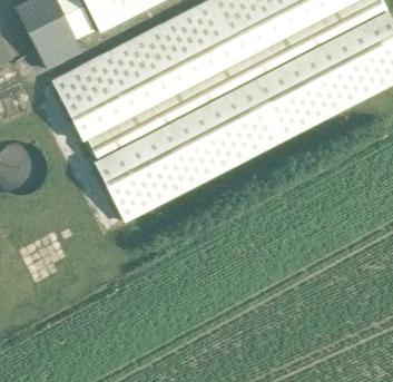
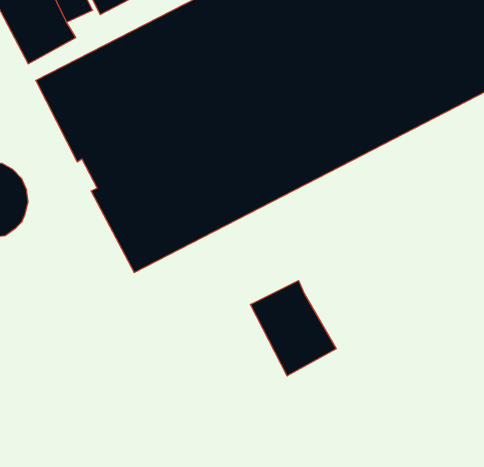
building: none -> [250,281,336,376]

